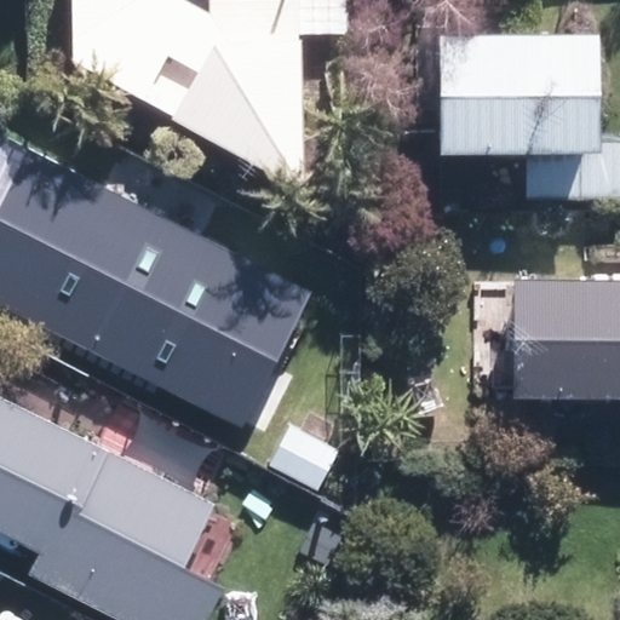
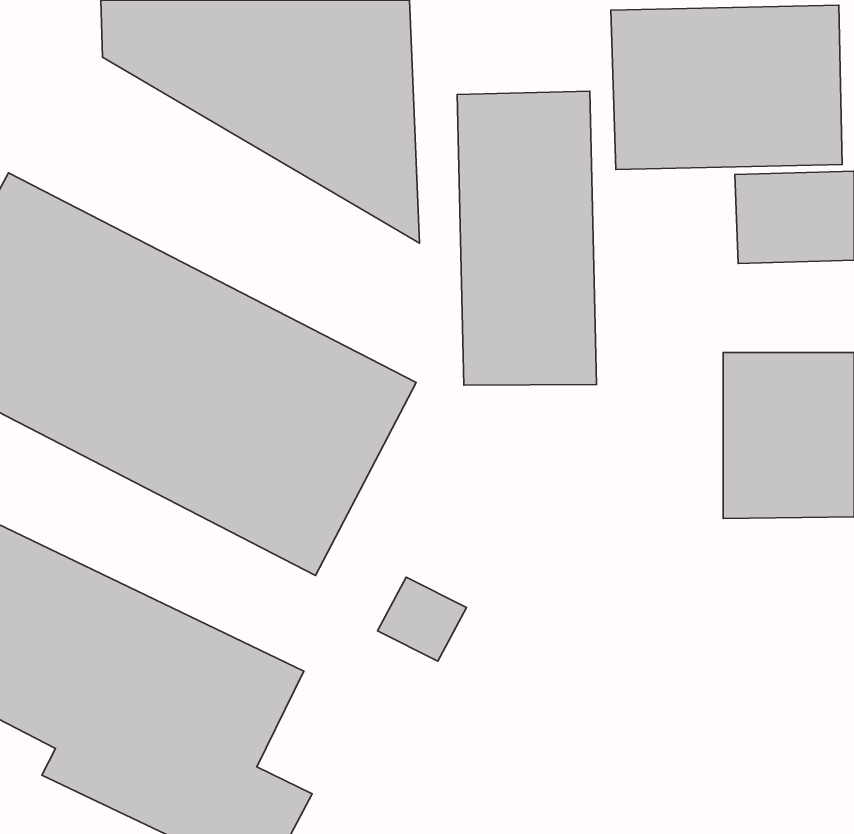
building: none -> [457,91,596,385]

